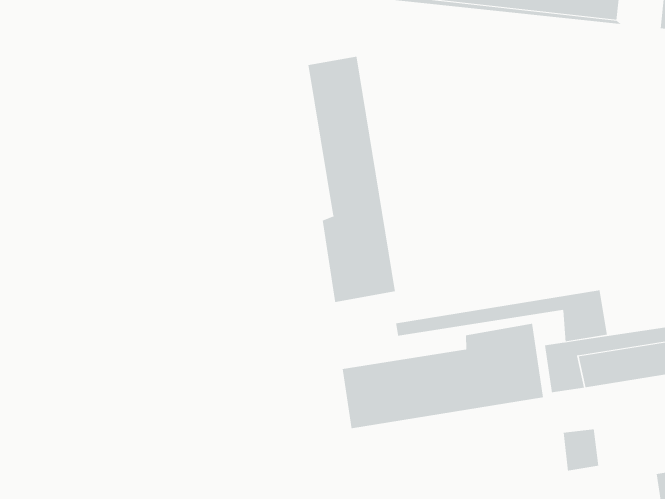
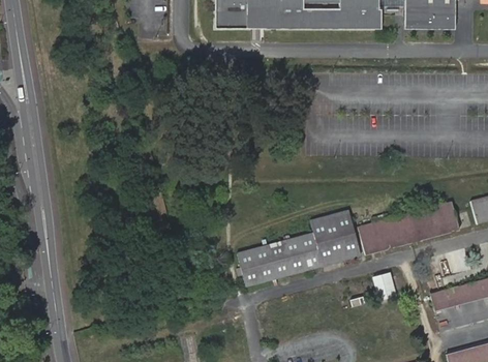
building: [308,56,395,303] -> none
building: [395,290,607,342] -> none

